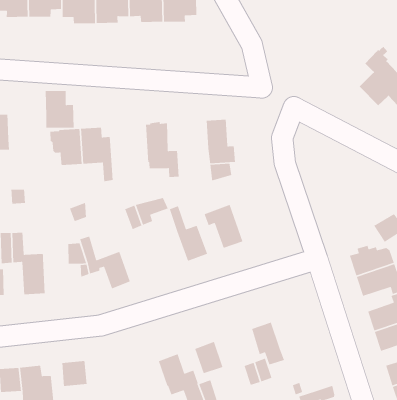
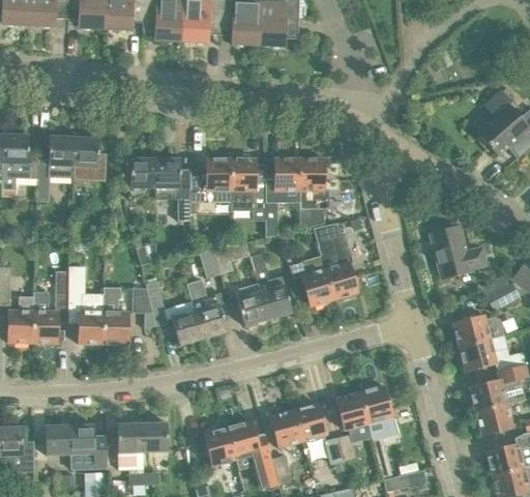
building: [45,90,74,129] -> [72,136,107,181]
building: none -> [265,157,299,237]
building: none -> [189,157,230,202]
building: none -> [429,226,485,277]
building: none -> [314,222,357,299]
building: none -> [186,279,227,337]
building: none -> [234,283,268,325]
building: none -> [104,287,128,344]
building: none -> [359,386,395,452]
building: none -> [293,404,324,452]
building: none -> [144,422,167,450]
building: none -> [202,429,235,465]

